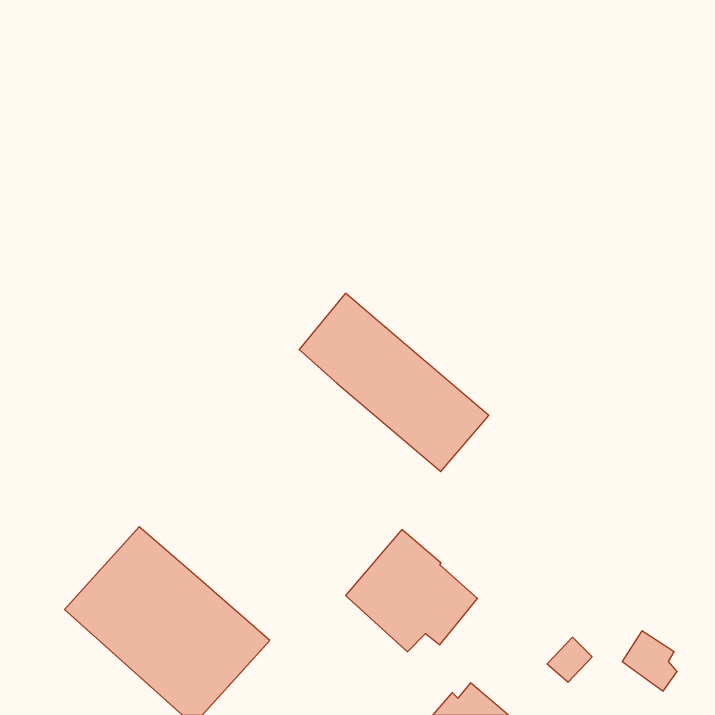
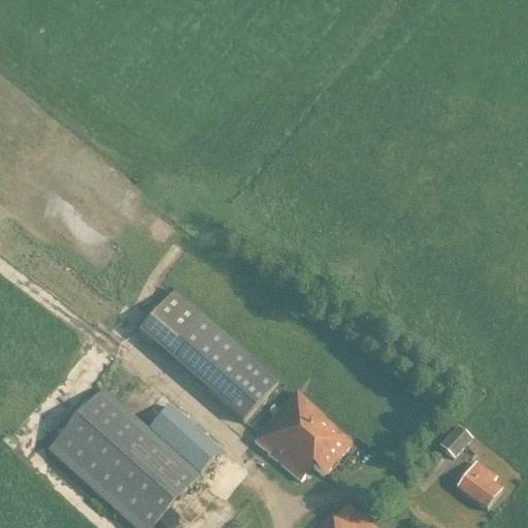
building: [299,293,489,472] -> [140,289,279,420]
building: none -> [150,401,221,470]
building: [547,637,592,682] -> [440,423,473,456]

